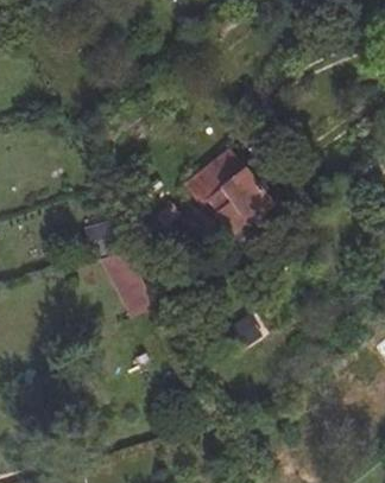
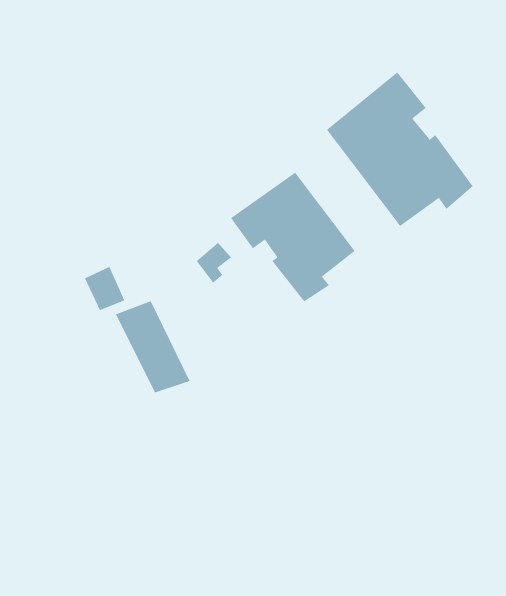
building: none -> [326,72,473,227]

